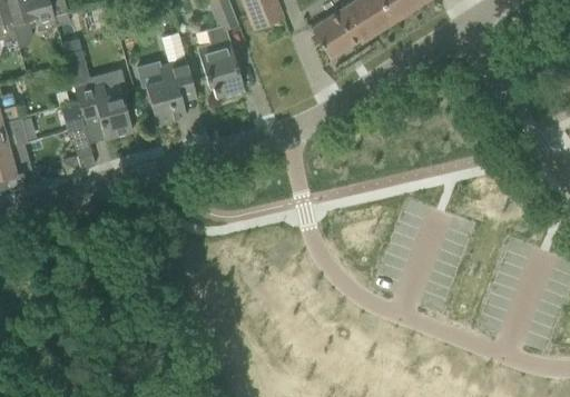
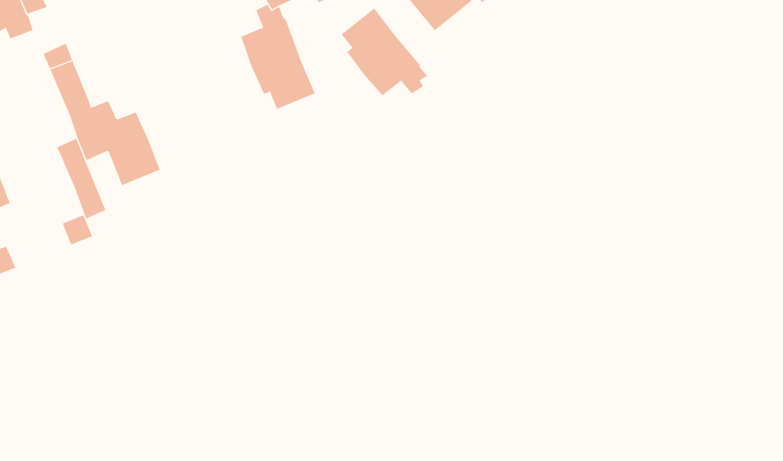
building: none -> [341,8,428,96]
building: [135,58,196,123] -> none

